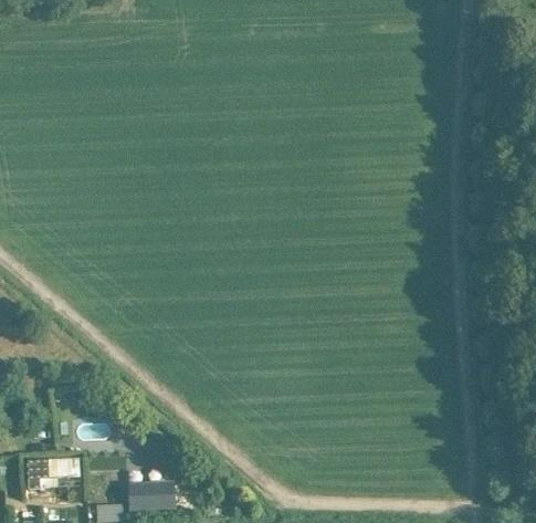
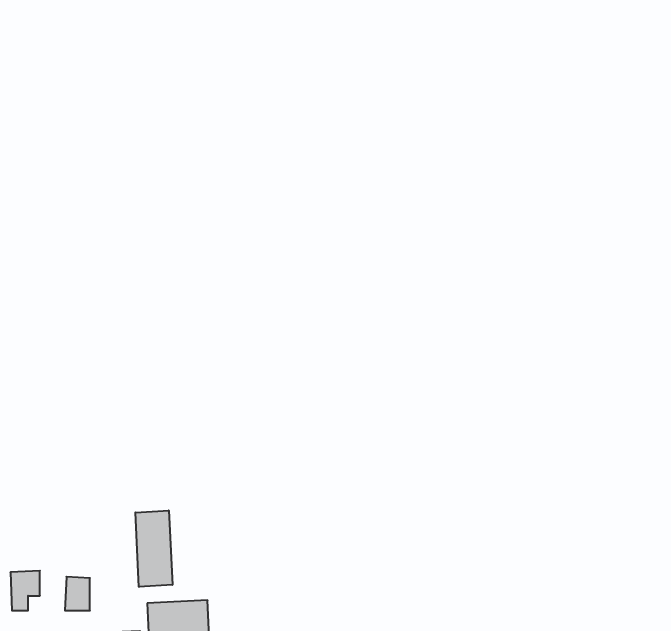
building: none -> [135,510,172,587]

